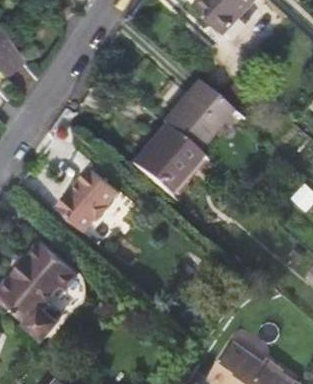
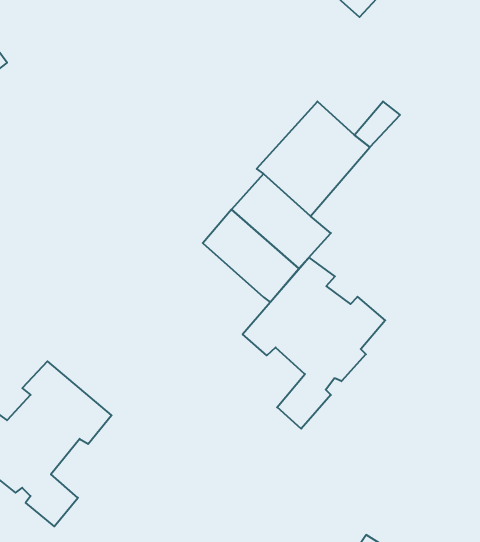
building: [61,172,120,234] -> none
building: none -> [243,257,385,429]

